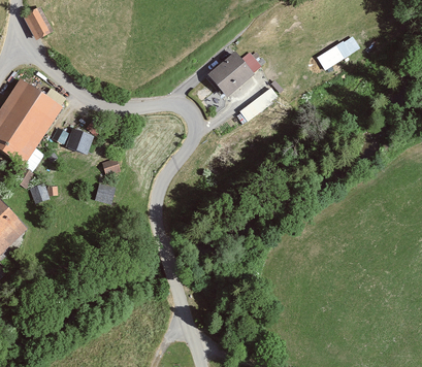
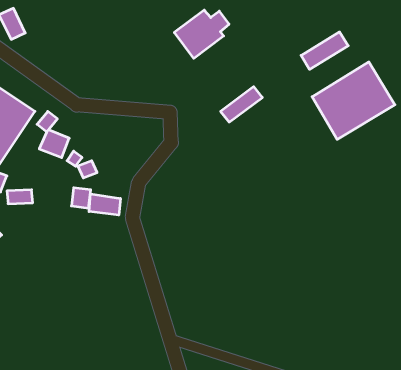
building: [208,52,261,98] -> [174,10,229,58]
building: none -> [312,62,395,139]
building: none -> [89,194,120,215]

